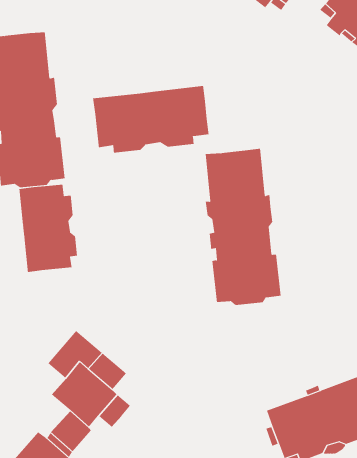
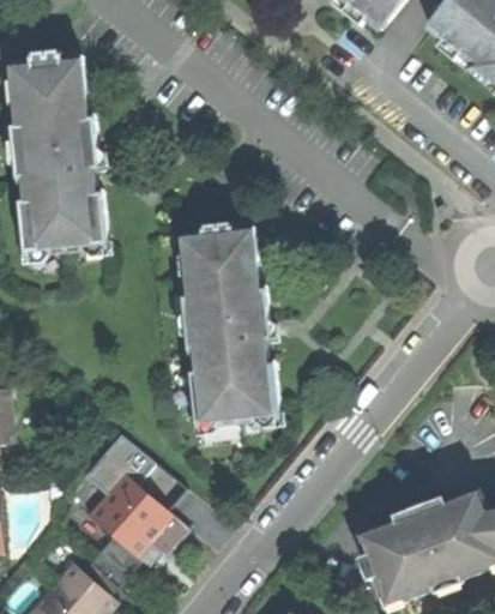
building: [93,85,209,154] -> none
building: [205,148,282,305] -> [181,225,278,425]
building: [19,184,77,273] -> none

